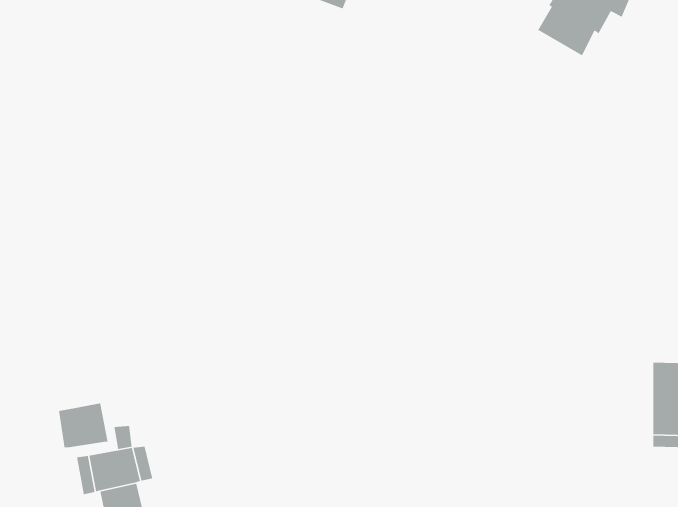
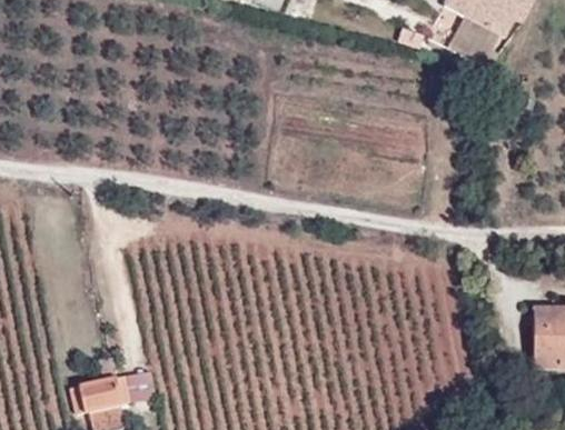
building: [58,402,108,448] -> none

